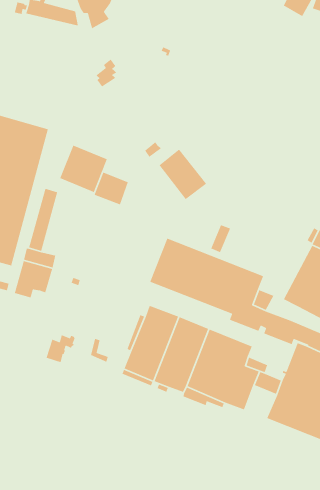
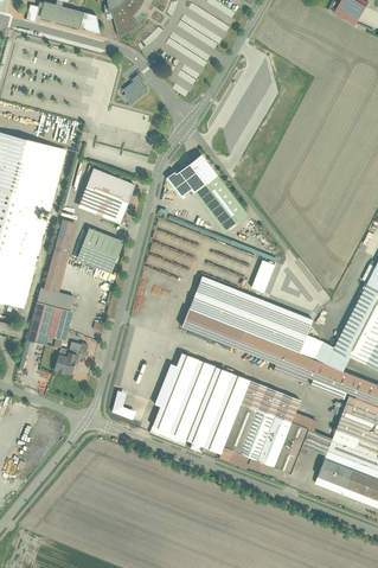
building: [94,171,129,206] -> [79,230,120,269]
building: none -> [315,342,351,370]
building: [46,334,76,363] -> [55,342,89,375]

